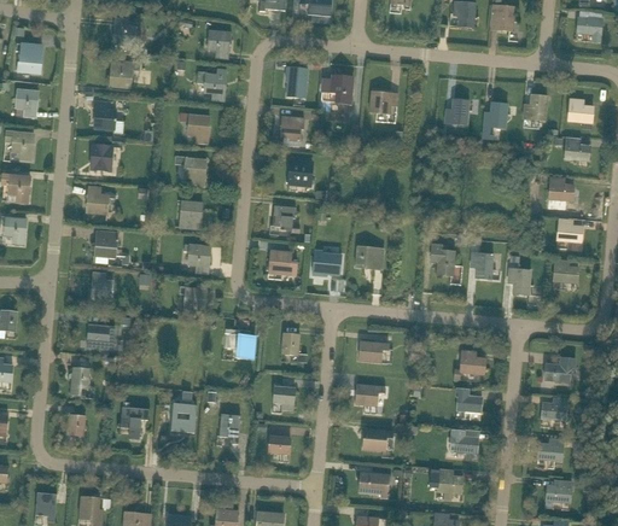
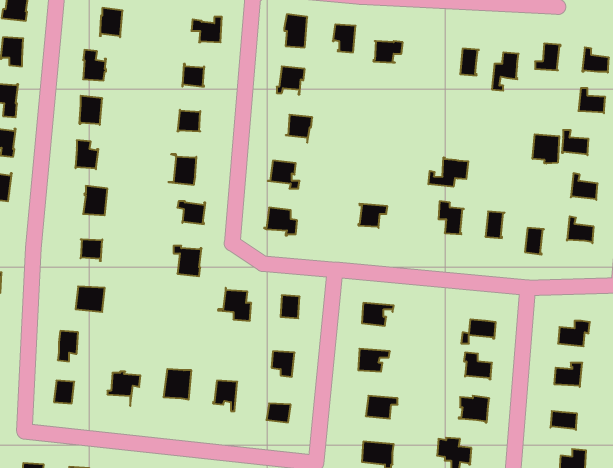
building: none -> [533,134,559,164]
building: none -> [428,157,468,187]
building: [311,250,342,275] -> none

